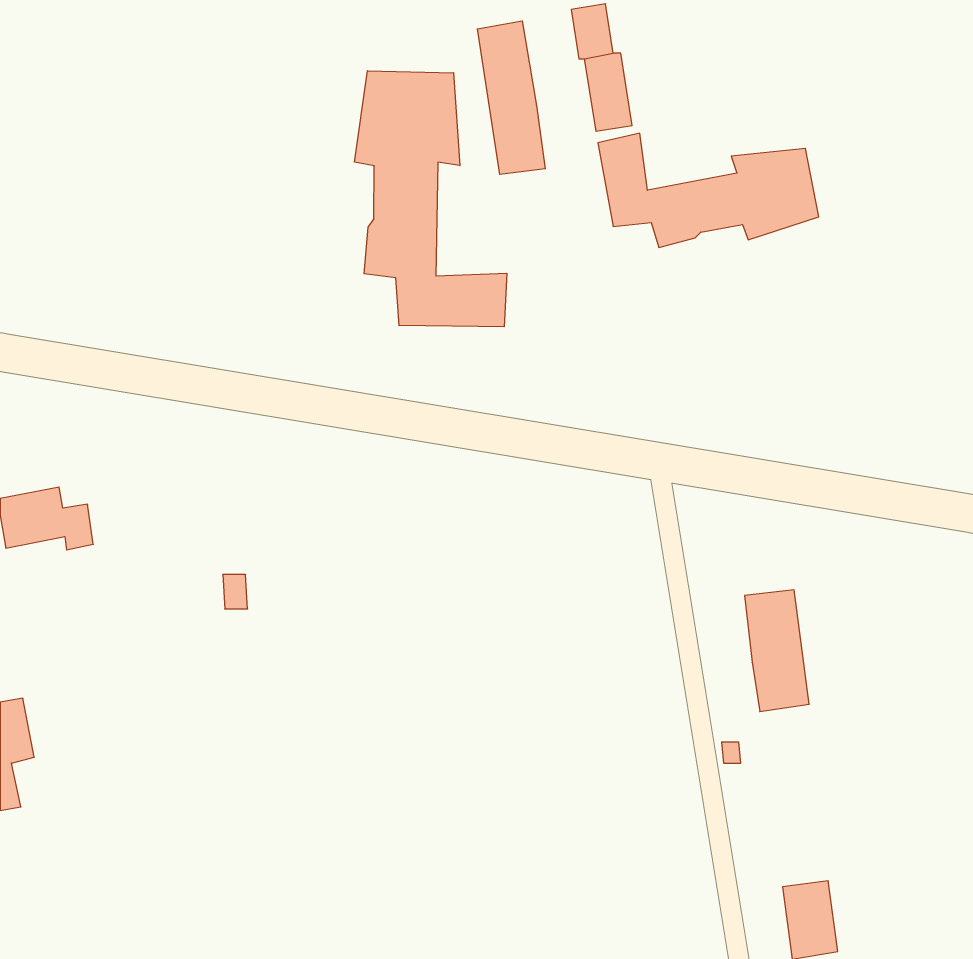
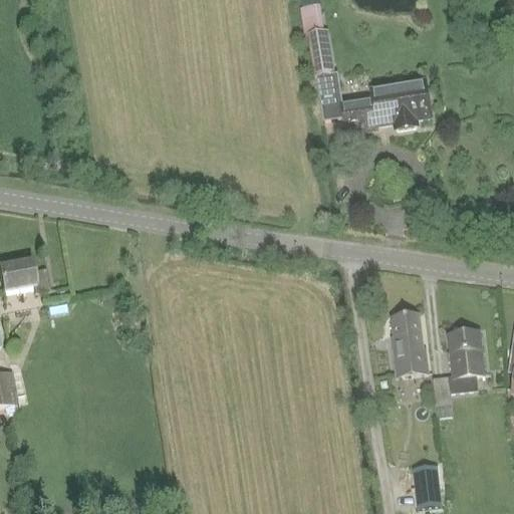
building: [477,21,545,174] -> none
building: [355,71,507,327] -> none
building: none -> [433,330,483,415]

